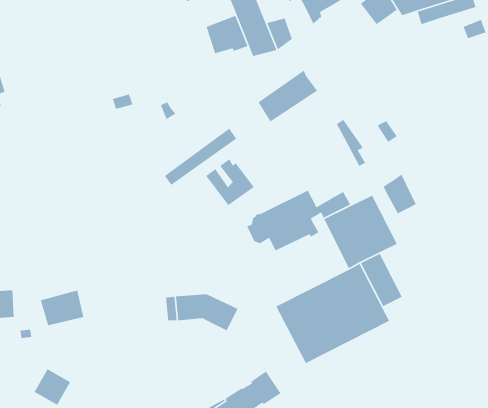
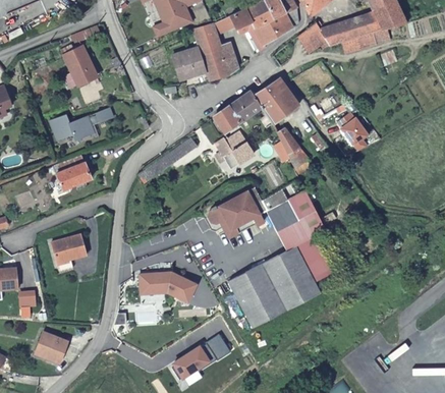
building: none -> [67,50,98,89]
building: none -> [254,77,299,124]
building: none -> [338,113,369,147]
building: none -> [51,115,95,139]
building: none -> [51,156,87,188]
building: [205,158,255,206] -> [215,129,255,168]
building: [383,174,417,214] -> none
building: [40,290,84,326] -> [50,232,86,262]

